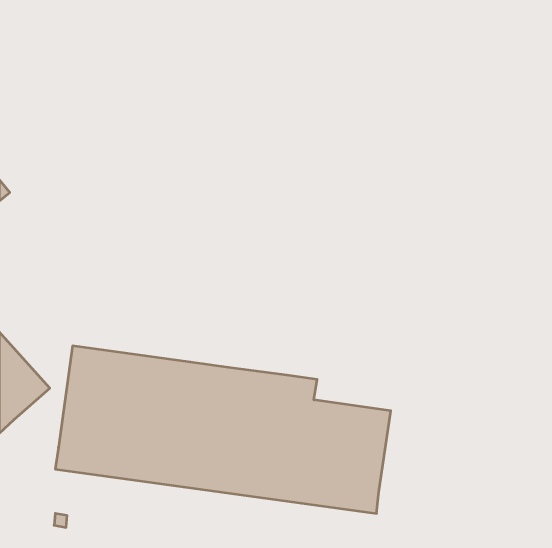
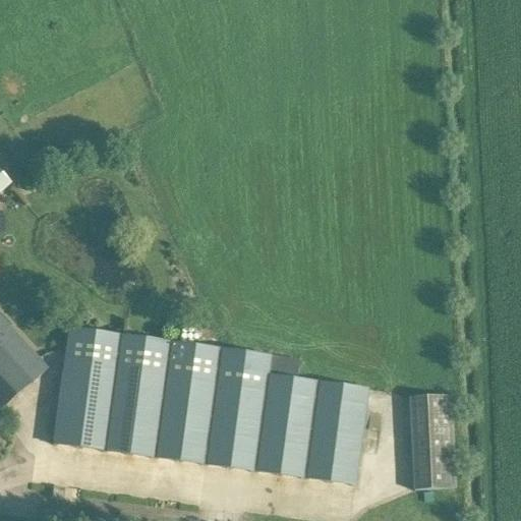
building: none -> [409,392,454,487]

